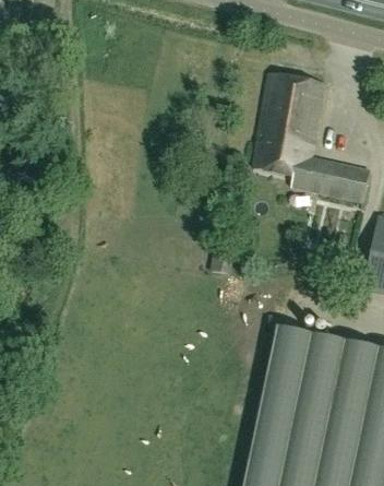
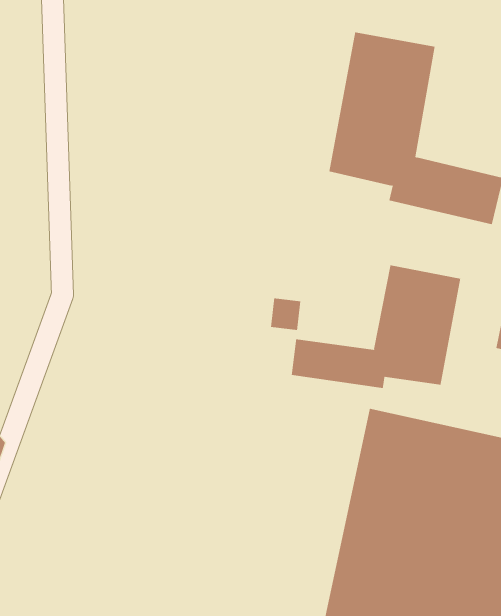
building: none -> [291,265,461,389]

